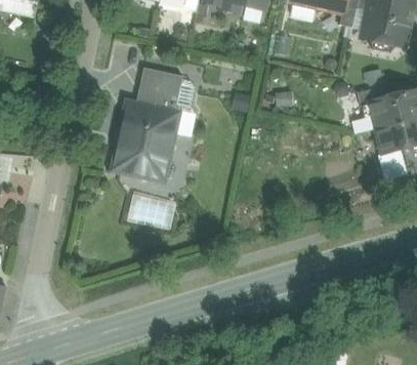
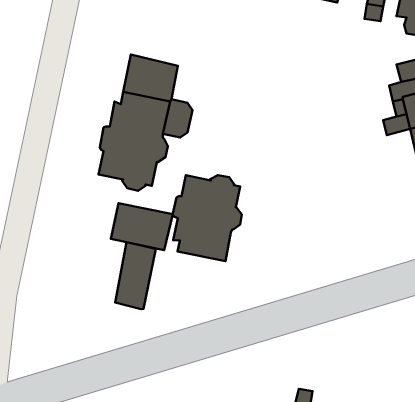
building: none -> [173,175,242,261]
building: none -> [115,242,156,309]

